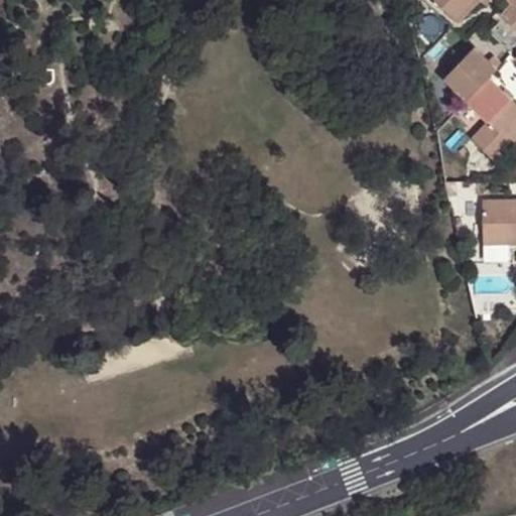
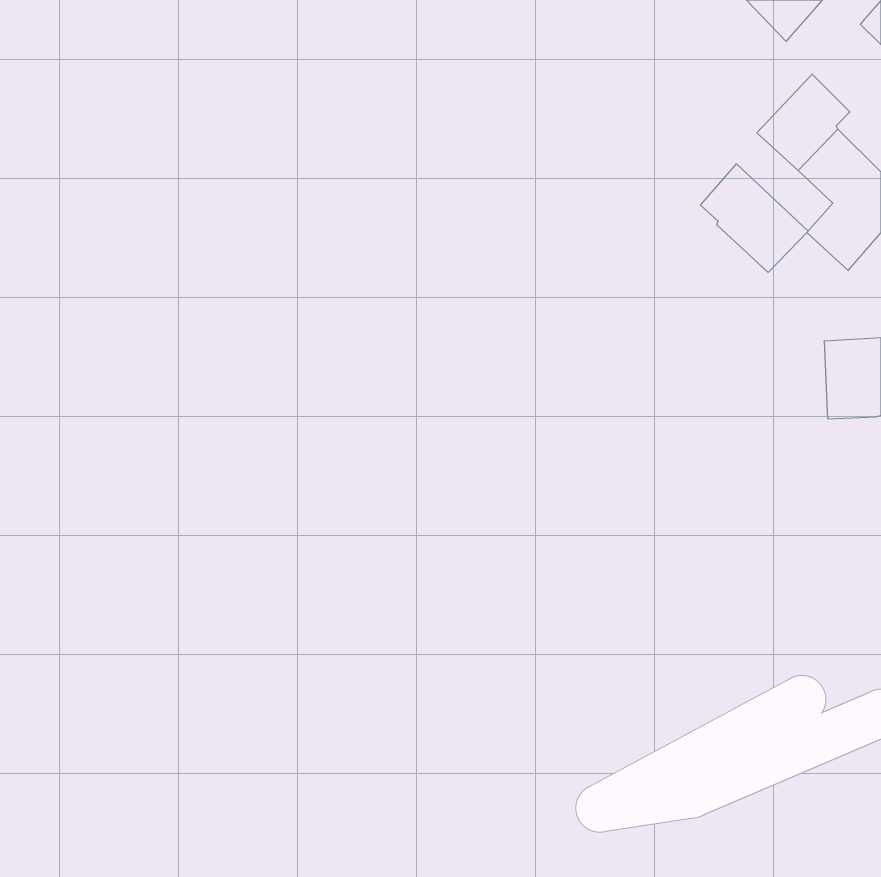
building: none -> [700,164,808,272]

